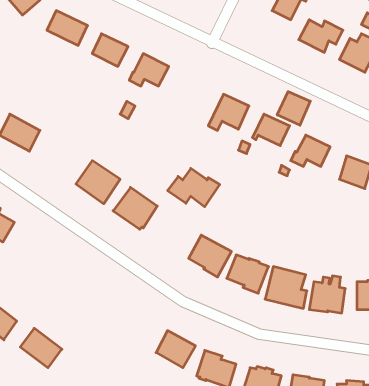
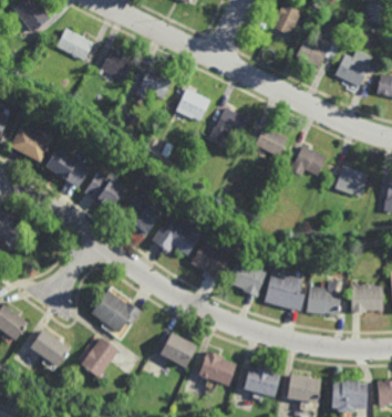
building: none -> [176,88,210,121]
building: [277,92,310,125] -> none
building: none -> [45,147,90,187]
building: [168,168,220,207] -> [152,219,202,256]
building: none -> [92,290,142,333]
building: none -> [80,337,120,378]

